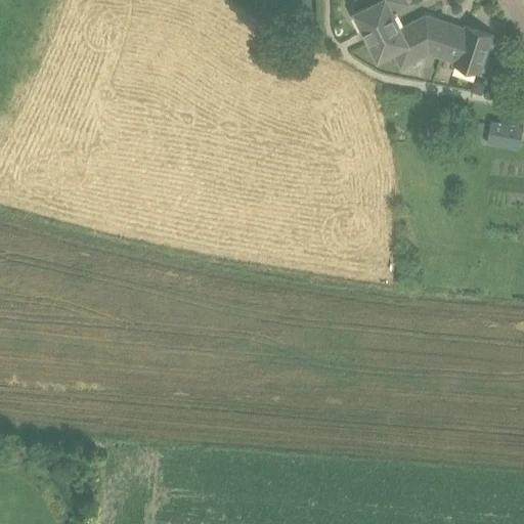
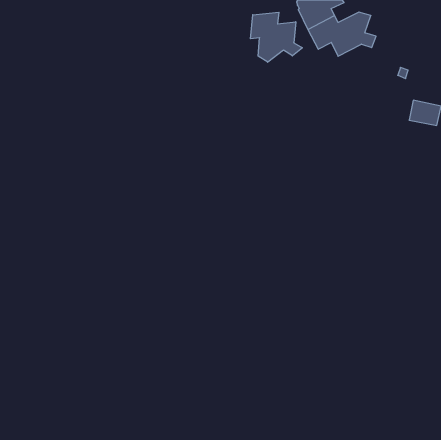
building: none -> [251,12,302,62]
building: [440,27,491,75] -> none

